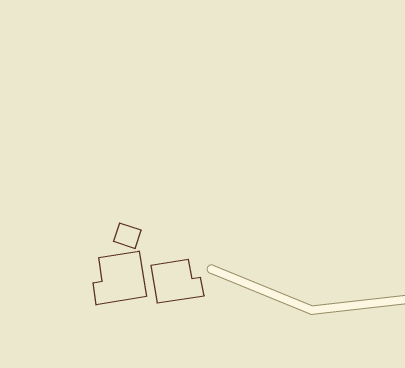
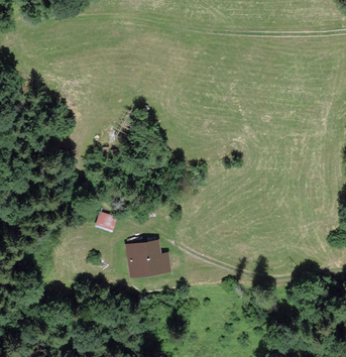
building: [93,251,146,305] -> none

